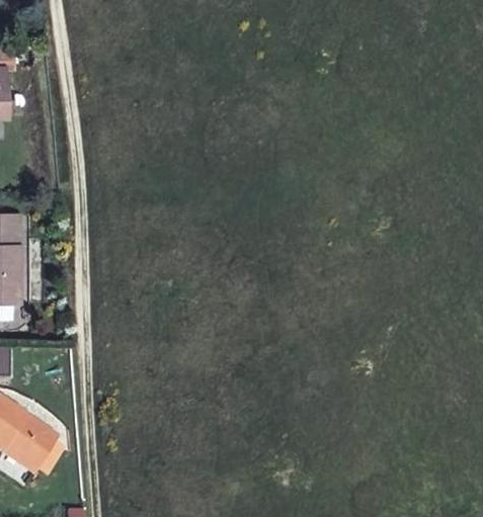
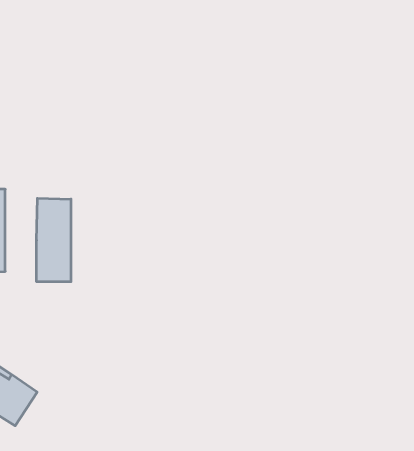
building: none -> [37,198,71,282]

